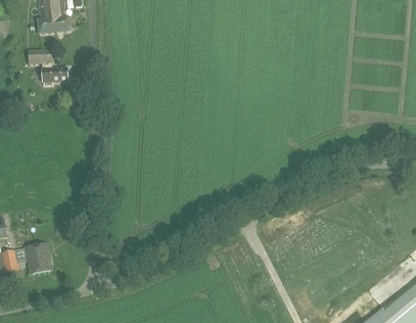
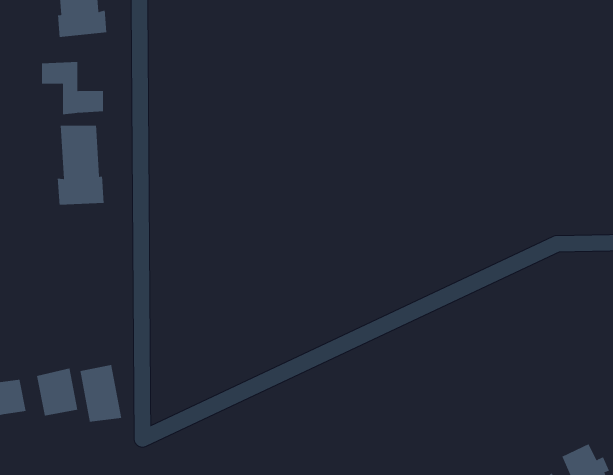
building: none -> [57,125,104,205]
building: none -> [80,364,122,423]

